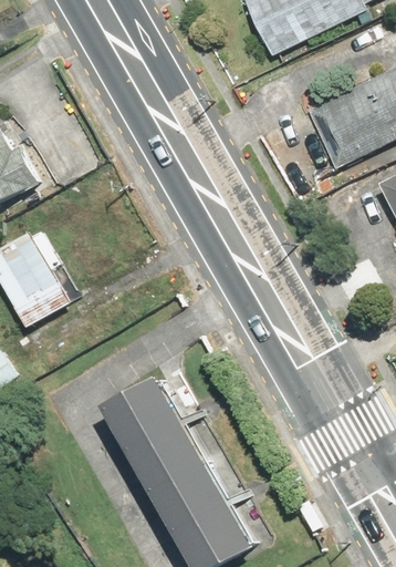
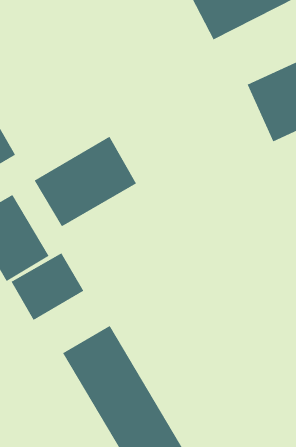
building: none -> [34,136,137,227]
building: none -> [11,253,84,321]

